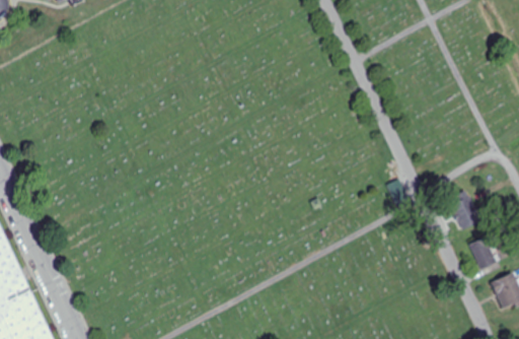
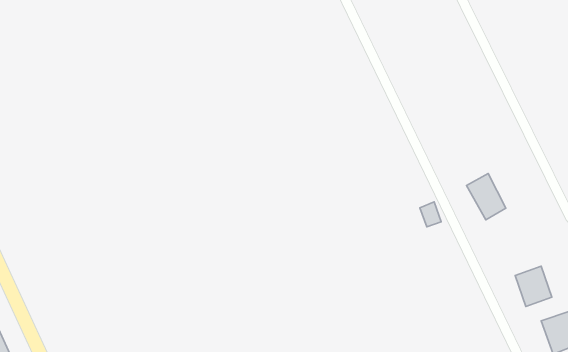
building: [447,191,480,230] -> [467,174,506,220]

